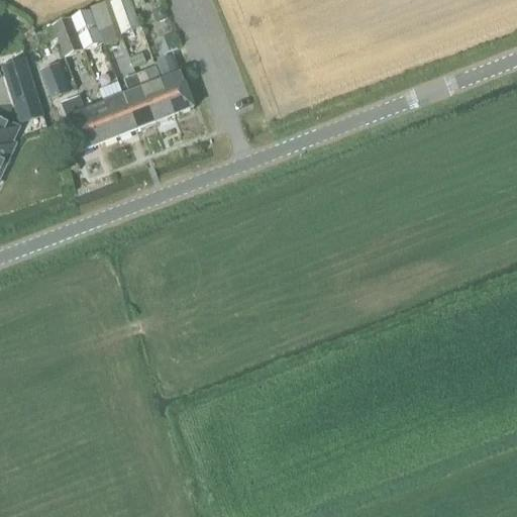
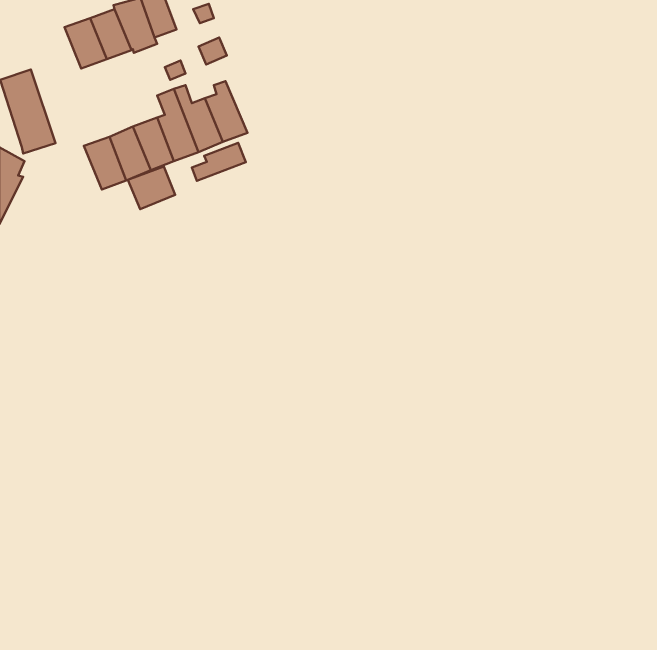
building: [39,60,68,95] -> none
building: none -> [192,143,246,181]
building: none -> [128,167,175,209]

